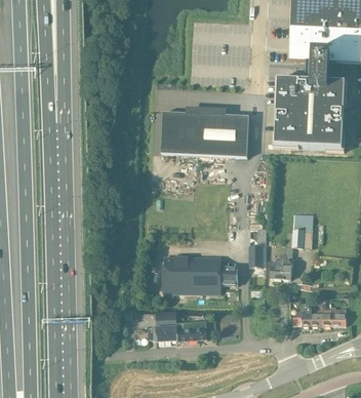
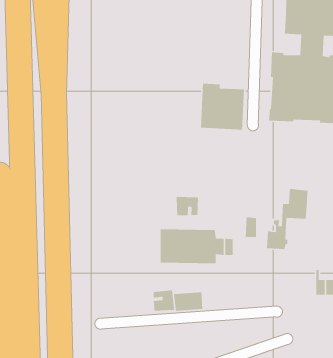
building: [161,108,206,155] -> none
building: none -> [175,196,199,216]
building: [293,308,321,324] -> none

